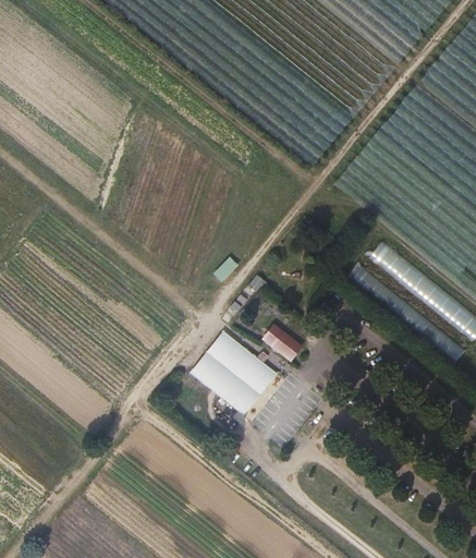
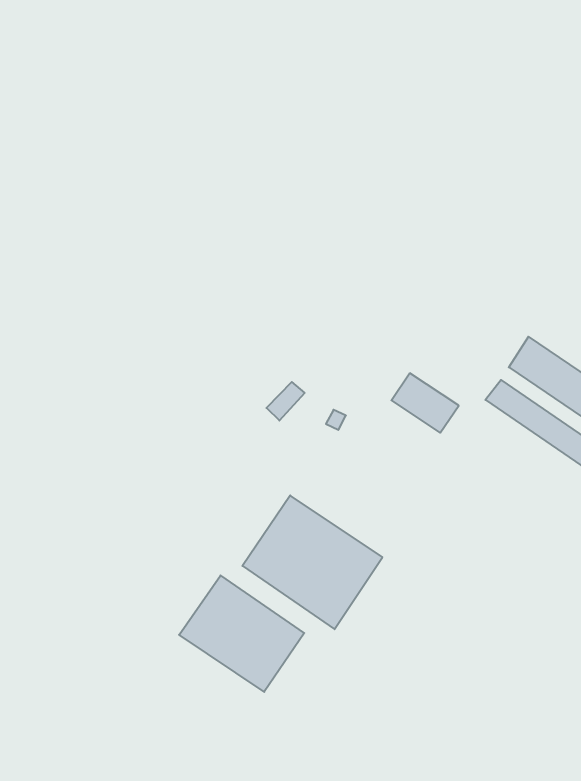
building: [261,324,304,363] -> [391,373,459,433]
building: none -> [179,575,304,692]

